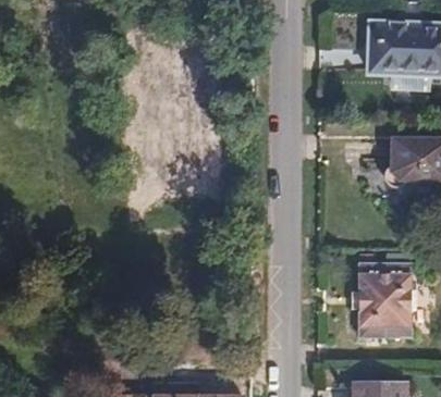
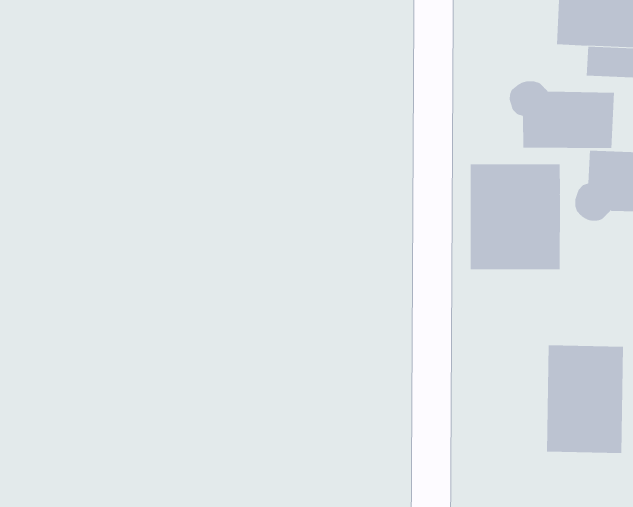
building: none -> [509,81,614,149]
building: none -> [470,164,560,270]

